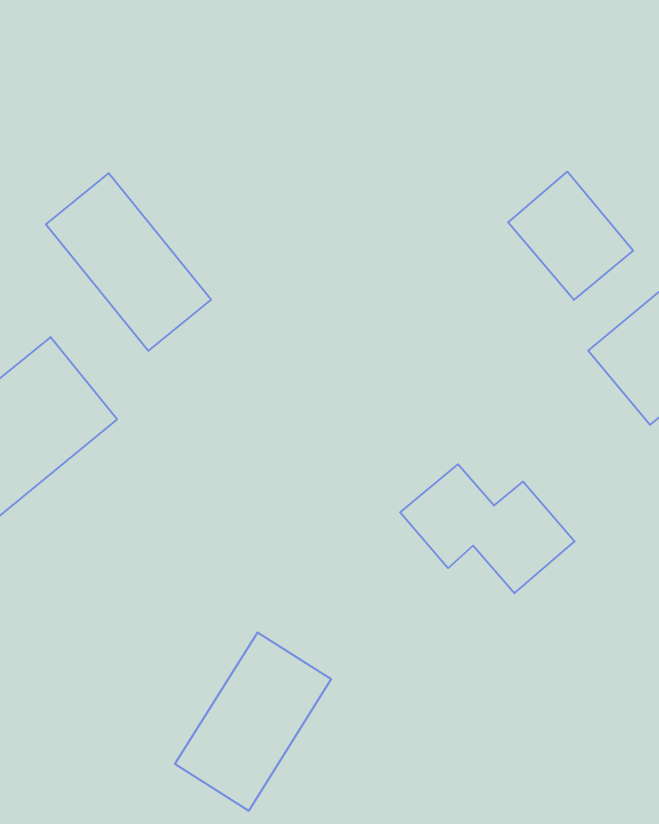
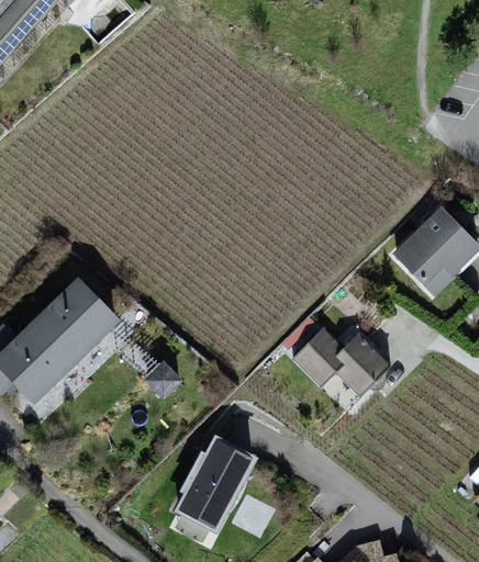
building: [508,172,633,300] -> none
building: [46,173,211,351] -> none

